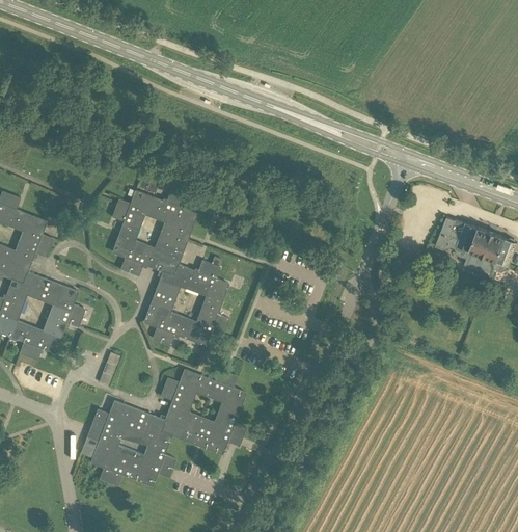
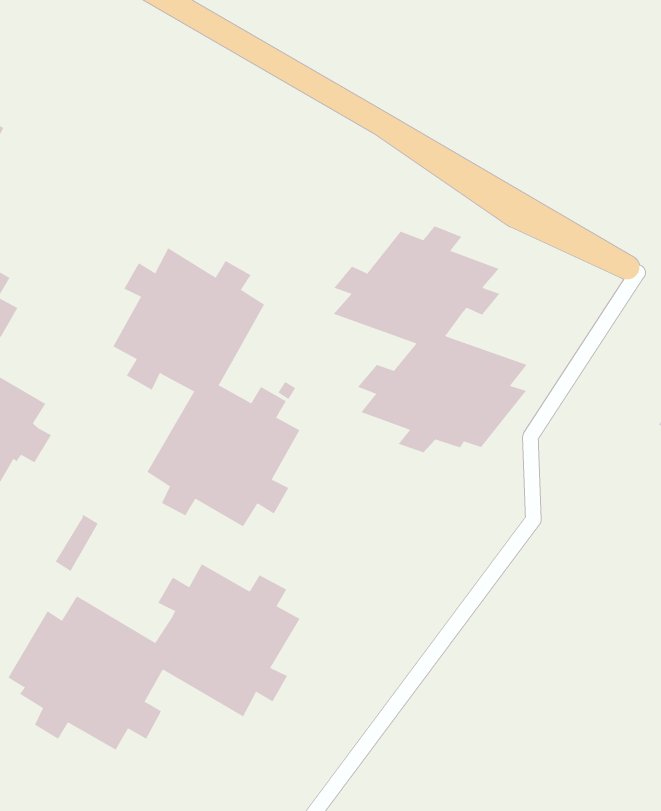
building: none -> [333,226,528,453]

